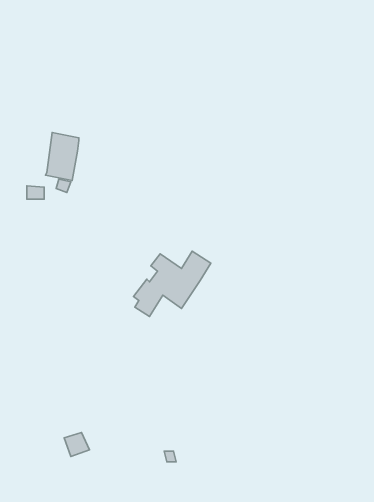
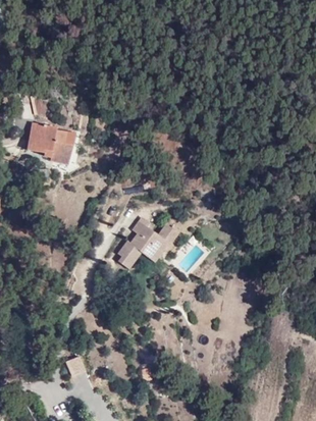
building: none -> [29,121,57,158]

